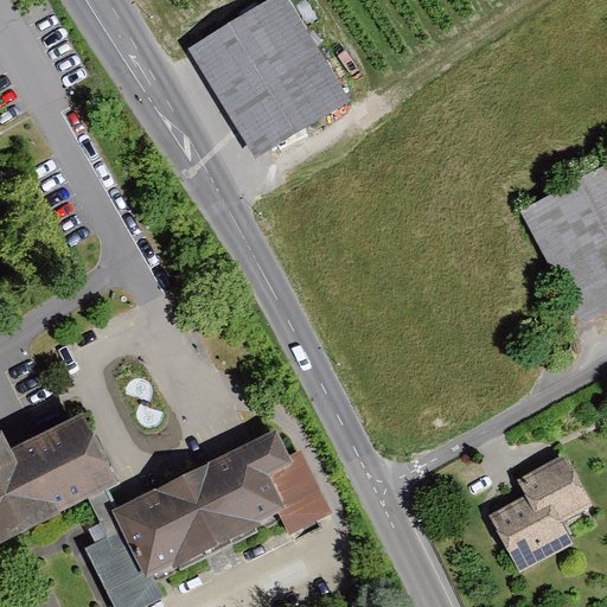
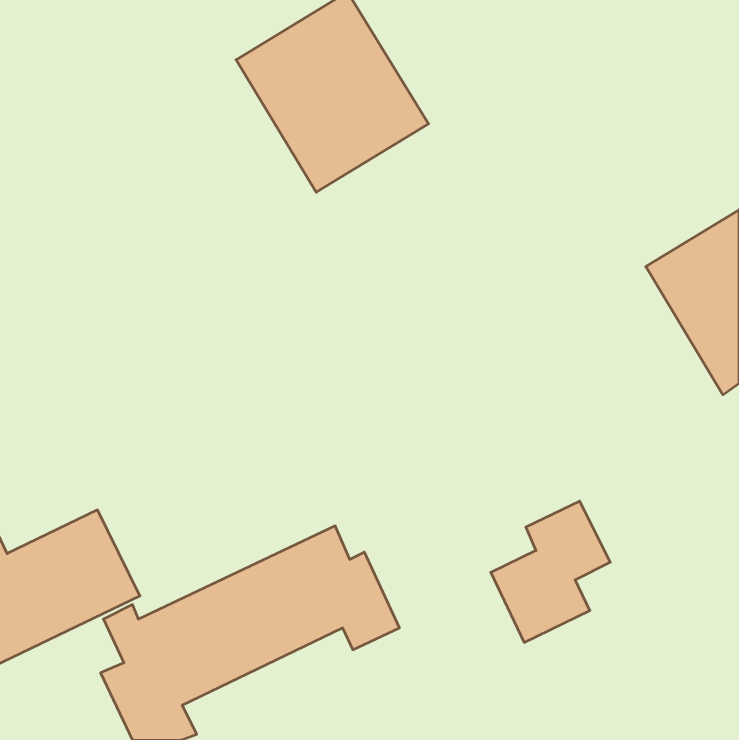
building: [496,458,593,573] -> [491,501,610,642]

